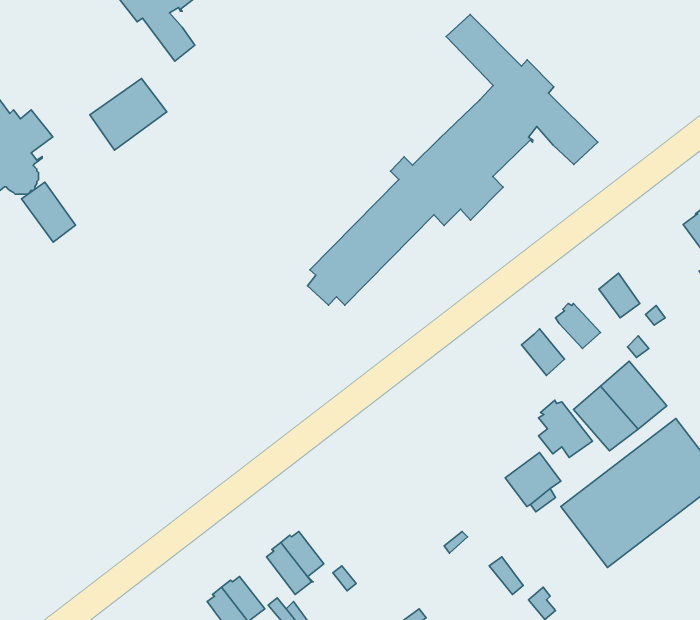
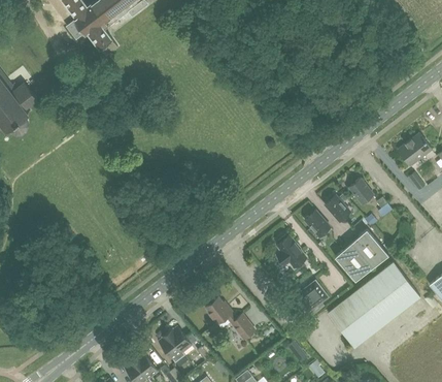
building: [308,14,598,305] -> none
building: [90,78,167,150] -> none
building: [21,182,75,242] -> none
building: [539,400,592,457] -> [276,235,307,268]
building: none -> [206,298,254,340]

